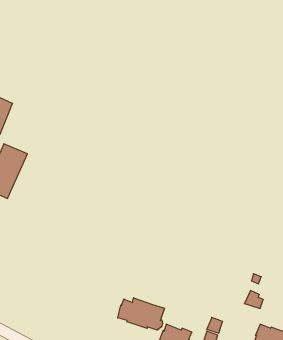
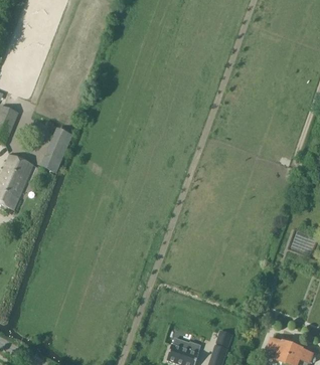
building: none -> [40,127,73,172]
building: [118,298,164,330] -> none

